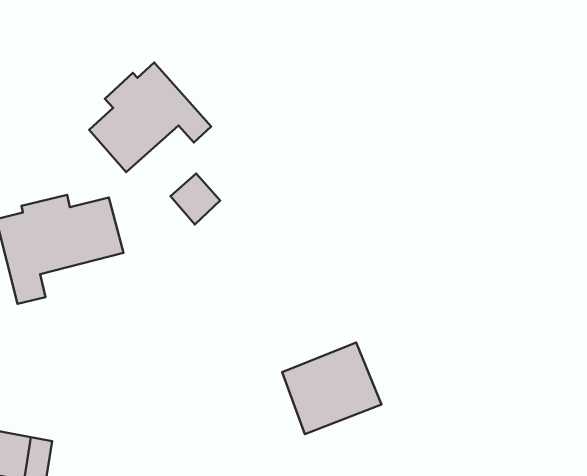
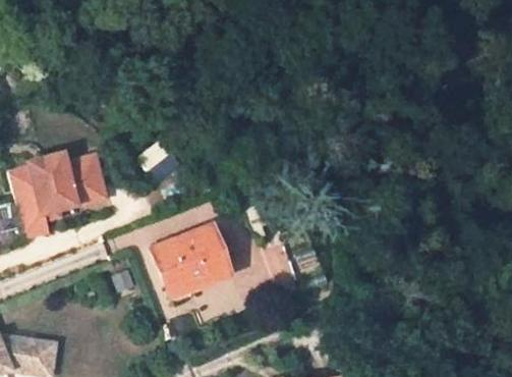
building: [89,63,211,172] -> none
building: [282,343,382,434] -> [155,225,230,294]

